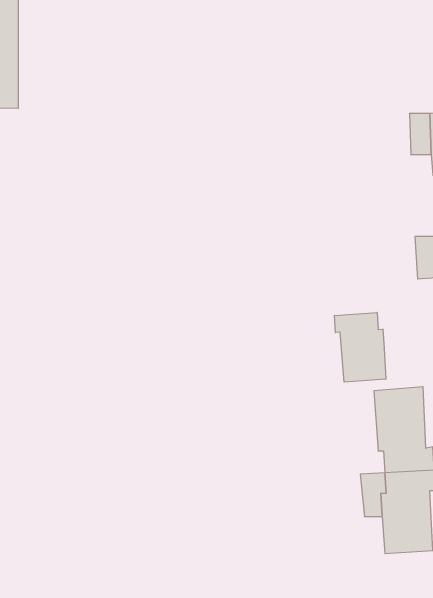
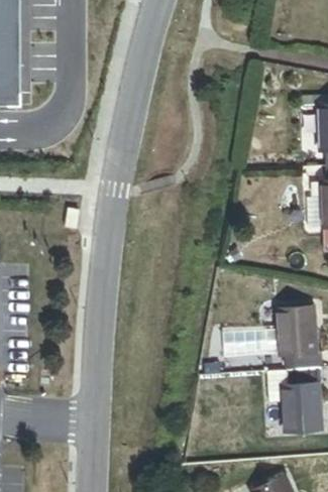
building: [334,312,386,382] -> none

